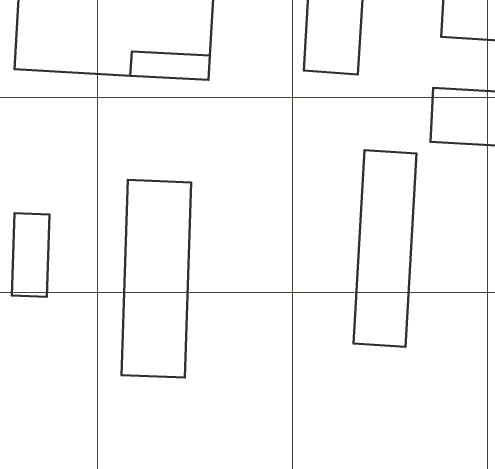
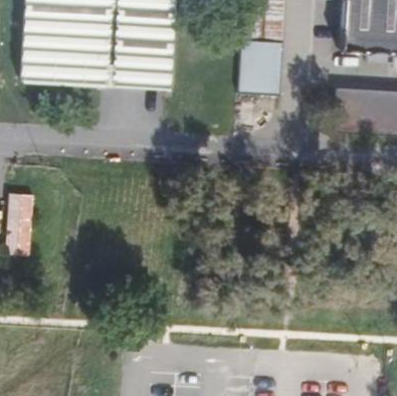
building: [353,150,416,347] -> none
building: [121,180,191,378] -> none

